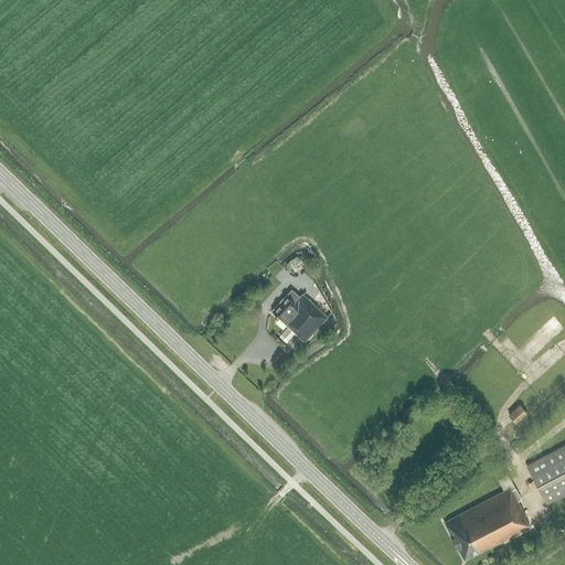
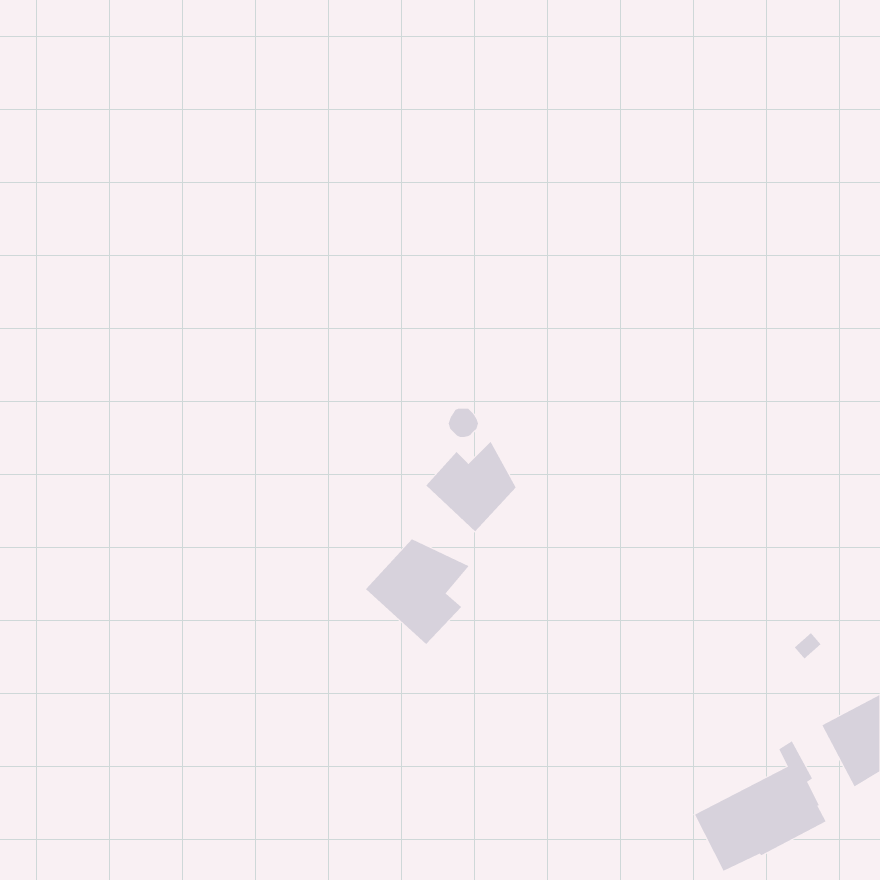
building: none -> [365,538,470,645]

